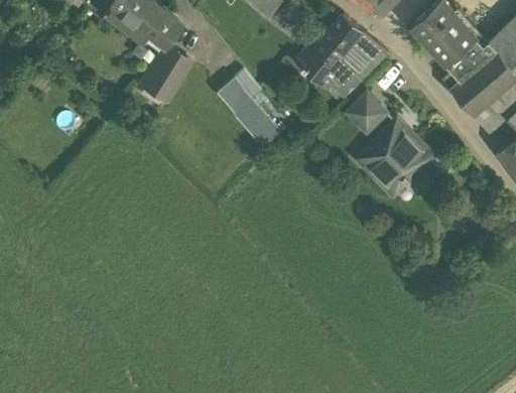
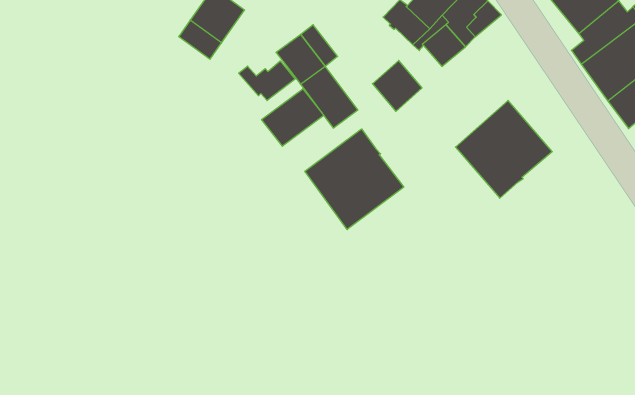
building: [349,93,387,132] -> [372,60,422,111]
building: none -> [239,61,295,101]
building: none -> [262,89,324,146]
building: none -> [305,129,404,230]

